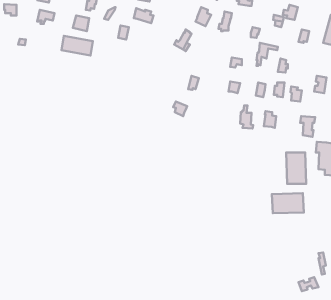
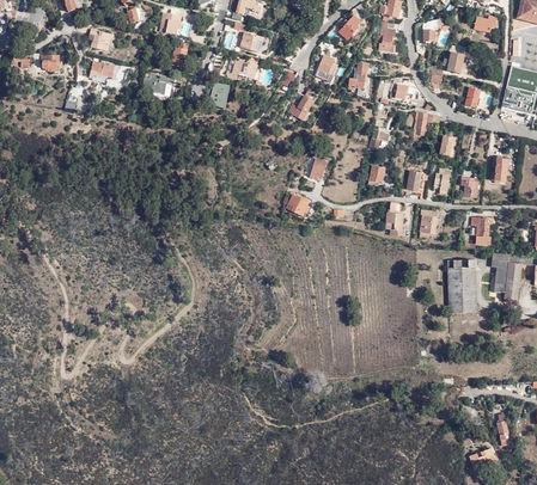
building: [62,36,93,56] -> none
building: [272,193,304,213] -> none

